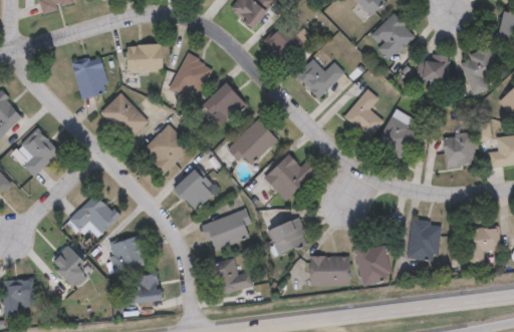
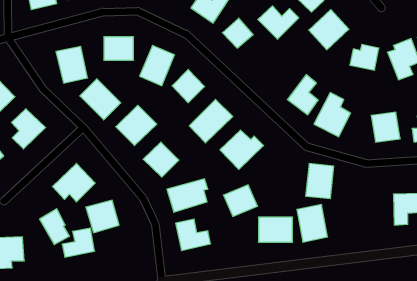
building: [295,59,343,98] -> [258,6,299,39]
building: [408,220,441,261] -> [306,164,334,199]
building: [123,272,162,306] -> [62,228,95,257]

